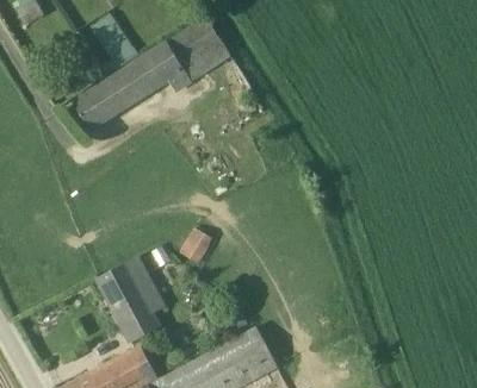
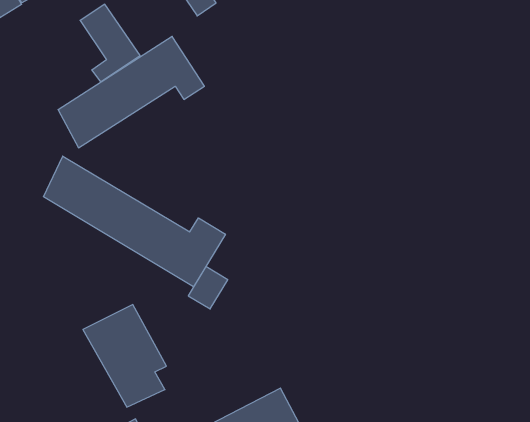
building: [181,15,230,69] -> none
building: none -> [43,156,225,287]

